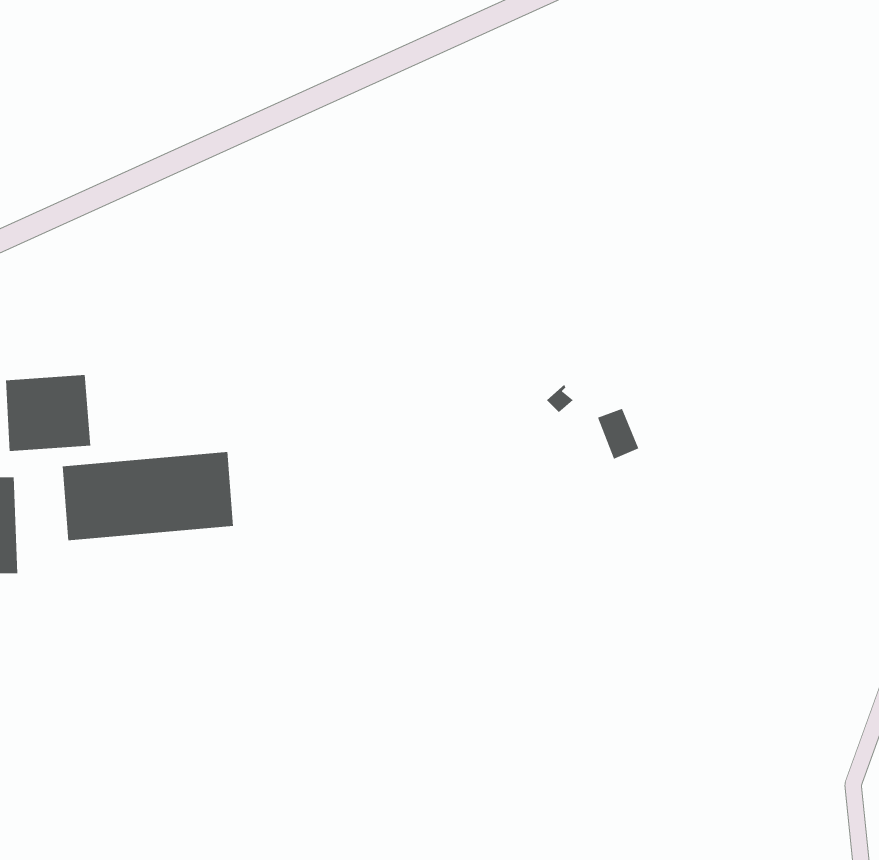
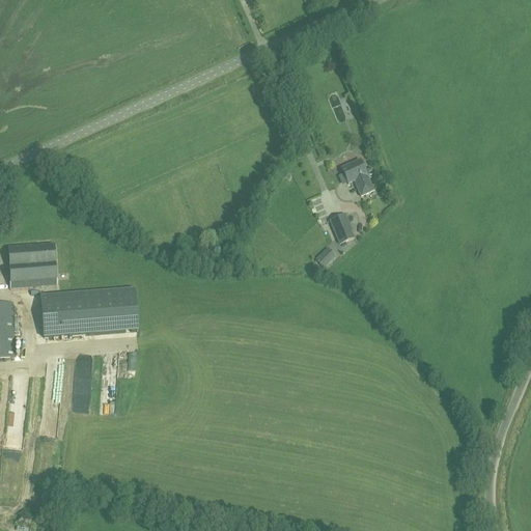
building: none -> [341,158,373,194]
building: [597,408,639,459] -> [330,213,354,242]

